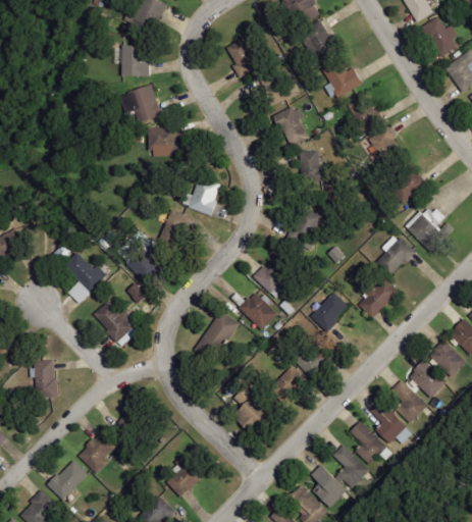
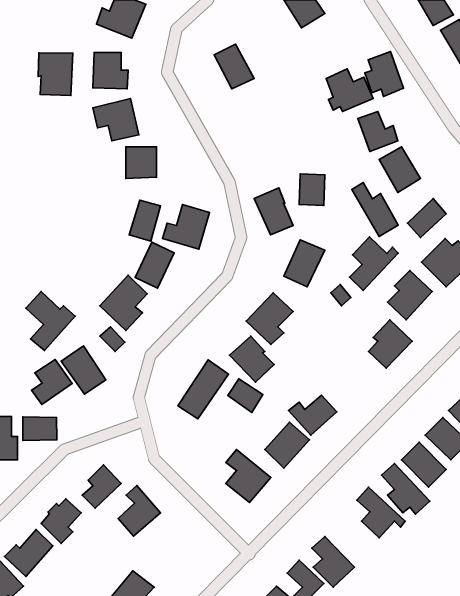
building: [303,20,336,59] -> [365,52,404,96]
building: none -> [38,53,73,96]
building: [274,106,308,147] -> [254,188,293,235]
building: none -> [352,182,398,236]
building: none -> [129,200,160,241]
building: none -> [350,237,398,290]
building: [310,293,349,331] -> none
building: none -> [31,359,72,404]
building: none -> [228,379,263,412]
building: none -> [23,417,57,441]
building: [331,446,368,488] -> none
building: [167,455,204,499] -> [118,486,160,536]

